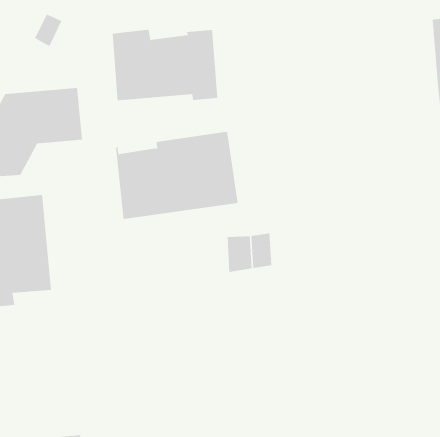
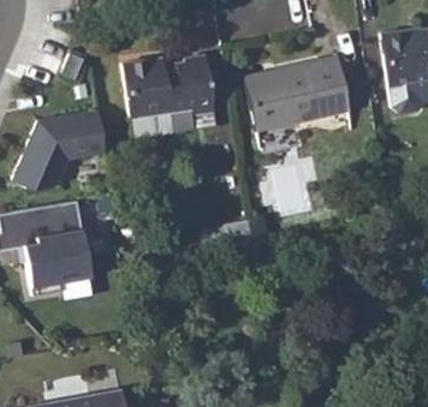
building: [115,131,239,219] -> [246,56,350,134]

